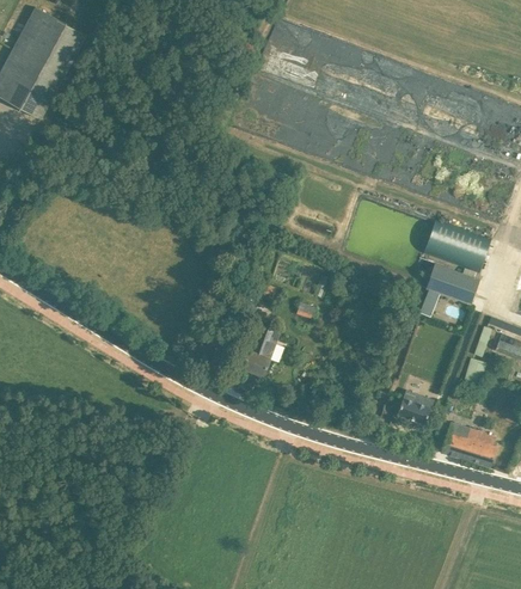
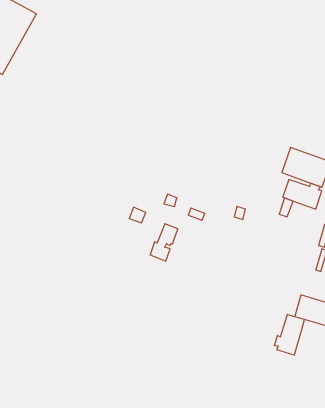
building: [397,391,433,424] -> none
building: none -> [275,314,304,355]

